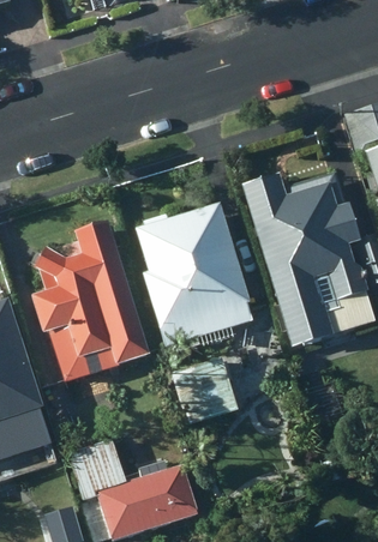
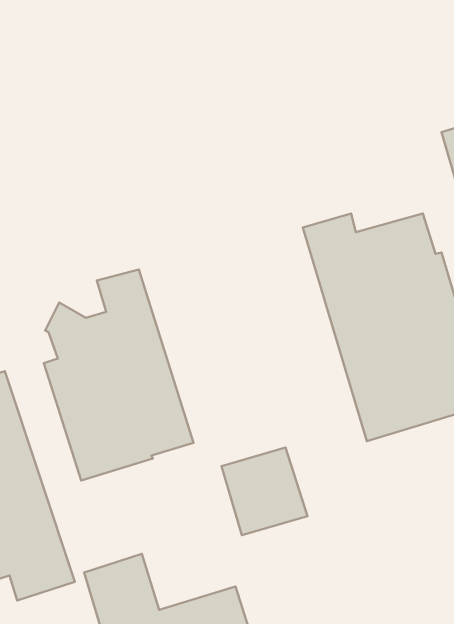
building: [127,209,244,354] -> none

